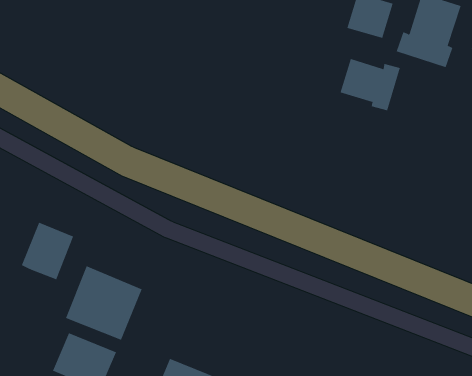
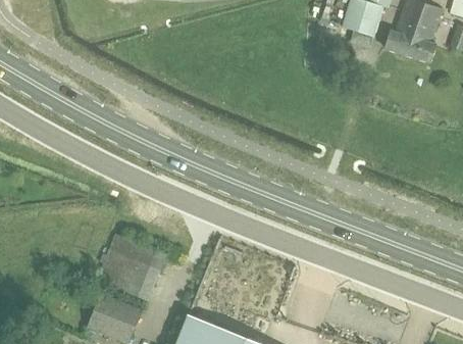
building: [340,58,401,111] -> none
building: [21,222,74,280] -> none

